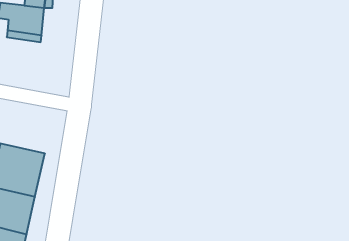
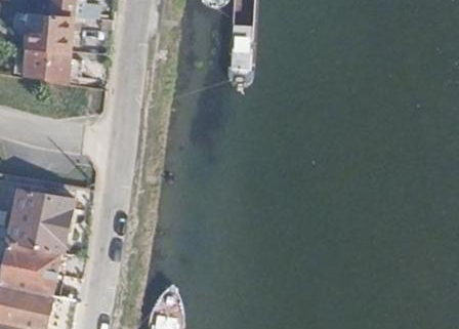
building: none -> [23,55,68,82]

